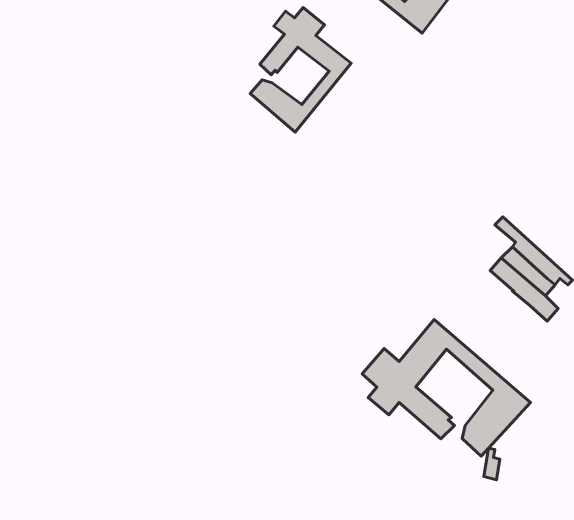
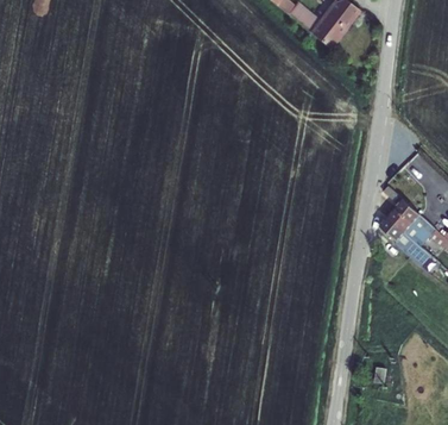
building: [250,7,351,132] -> none
building: [362,320,530,456] -> none

